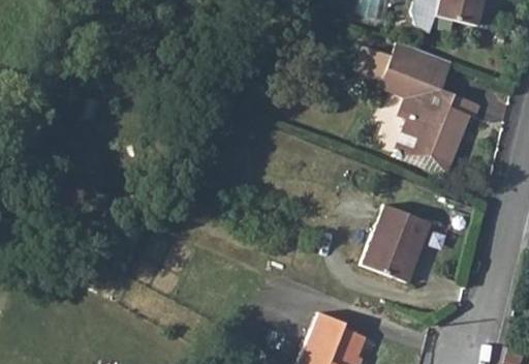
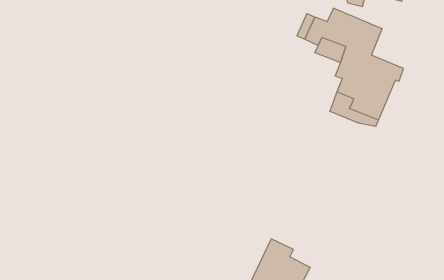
building: [366,204,435,278] -> none

